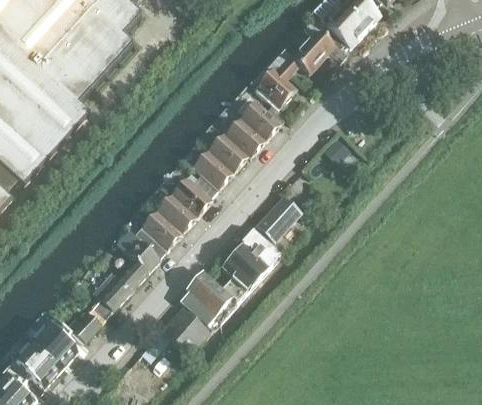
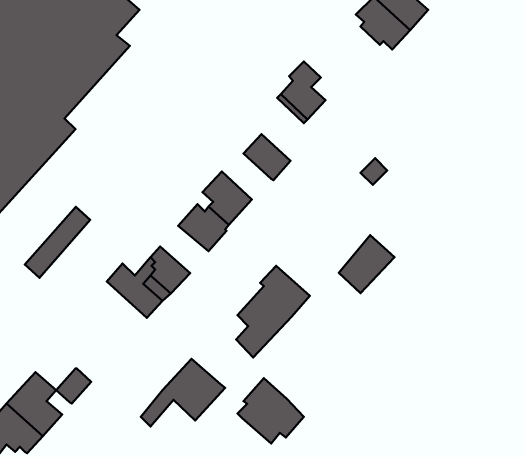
building: [276,19,345,72] -> none
building: [241,102,280,140] -> none
building: [208,132,249,172] -> none
building: [257,192,303,240] -> [339,235,394,293]
building: [157,194,197,233] -> none
building: [92,259,146,318] -> [25,207,90,278]
building: [179,271,234,325] -> [237,378,304,444]

